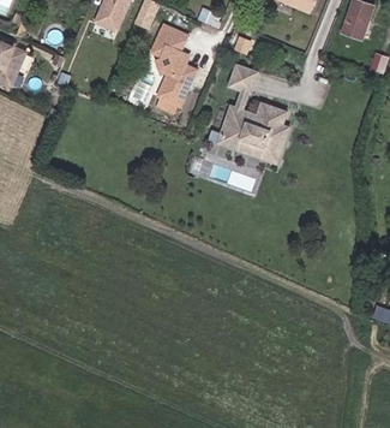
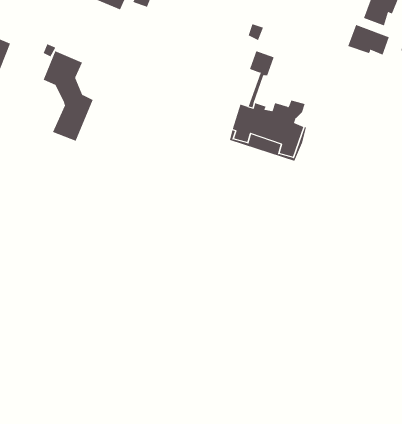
building: [149,22,194,103] -> [43,50,94,142]
building: none -> [347,24,390,56]

